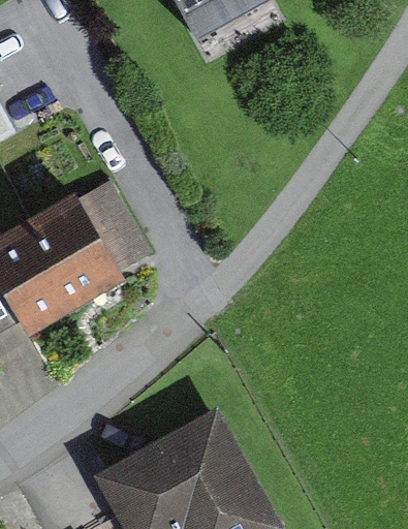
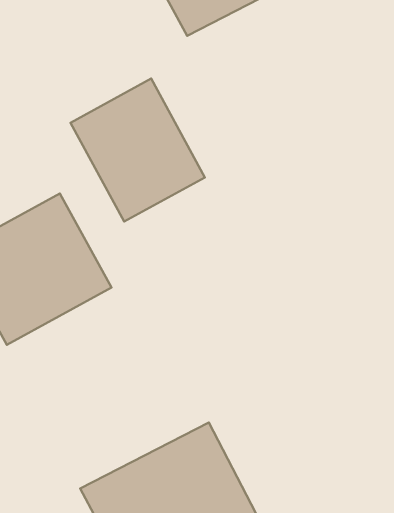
building: none -> [70,79,205,222]

